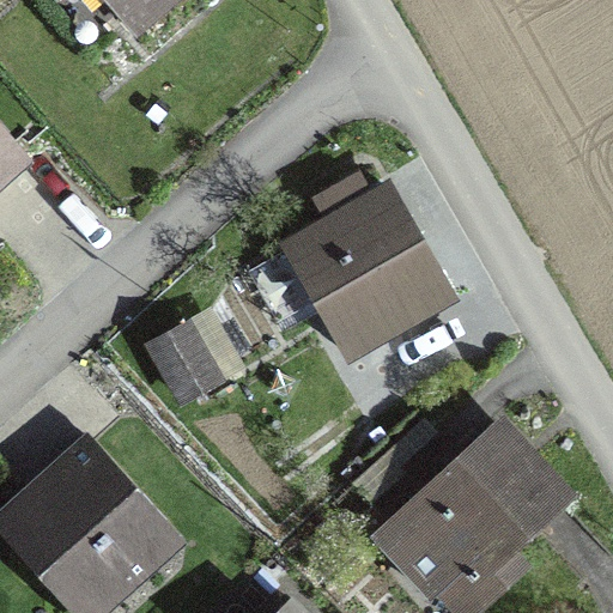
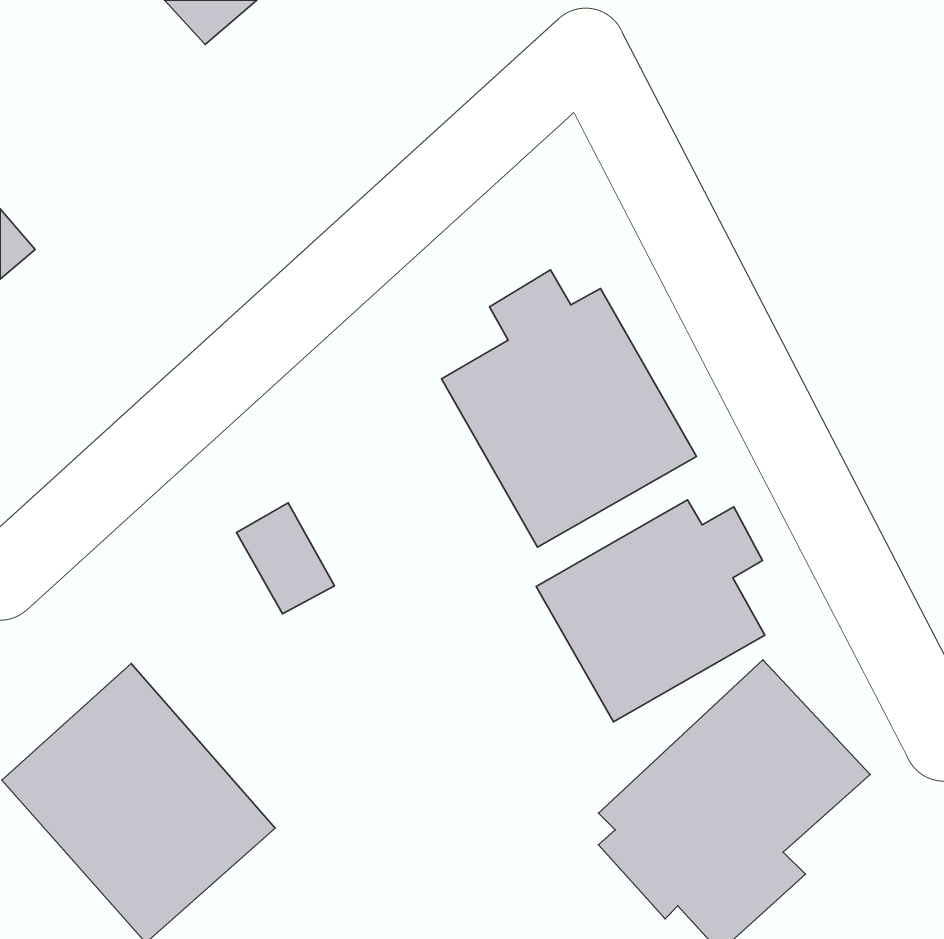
building: none -> [536,500,765,722]

